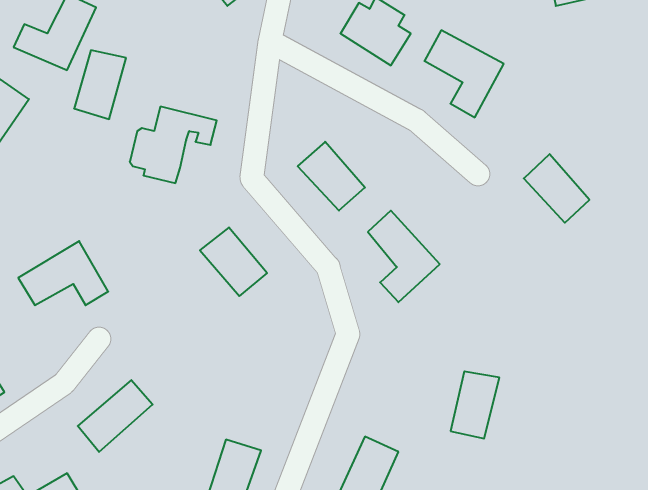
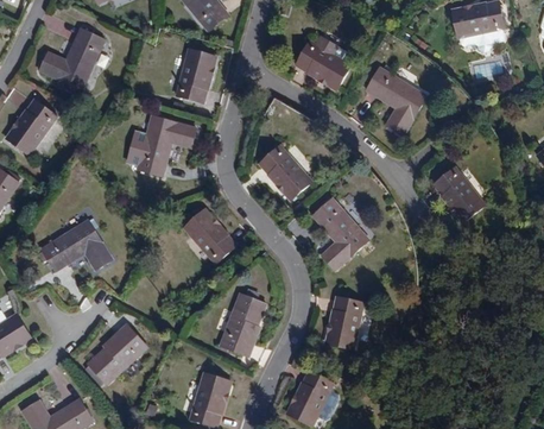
building: [74,50,126,119] -> [176,49,216,102]
building: none -> [221,295,266,355]
building: [451,371,499,439] -> [327,295,365,347]

